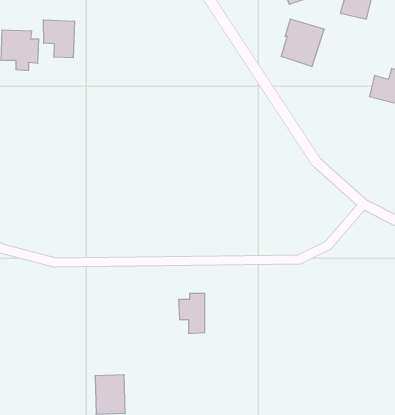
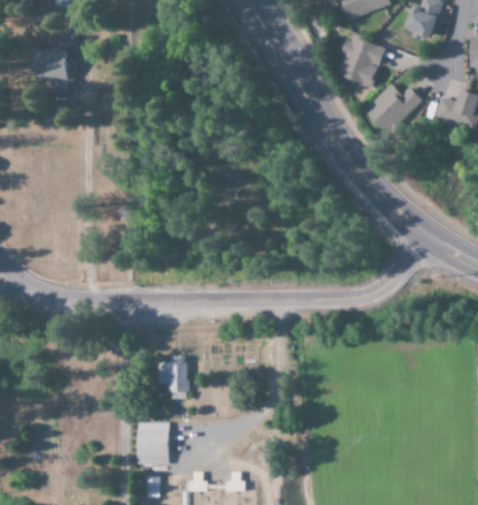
building: [43,20,75,58] -> none
building: none -> [363,83,424,136]
building: [179,293,205,334] -> [159,355,187,399]

